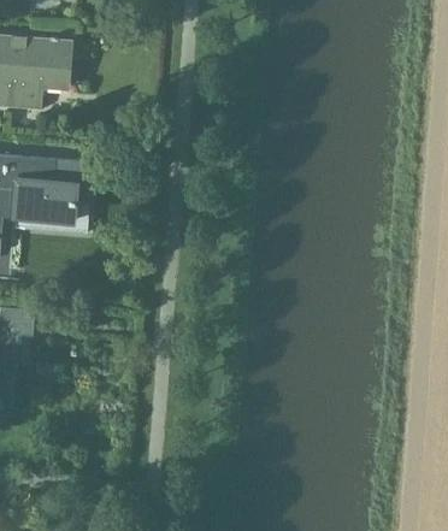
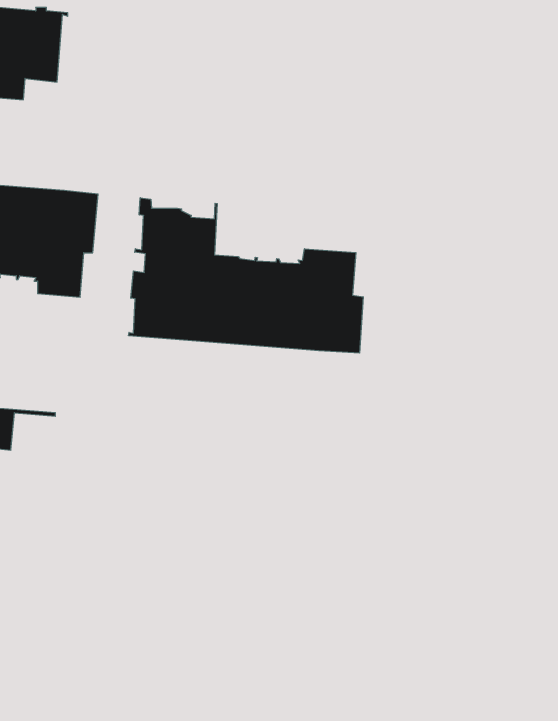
building: none -> [129,198,363,353]

